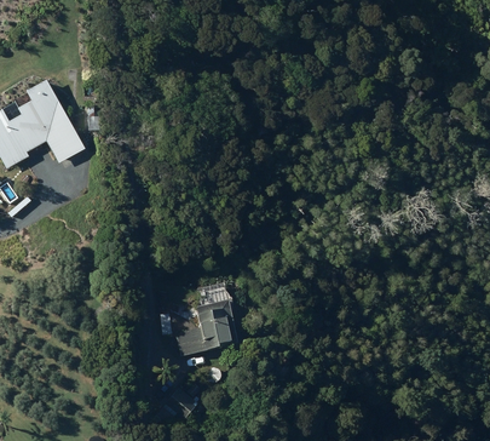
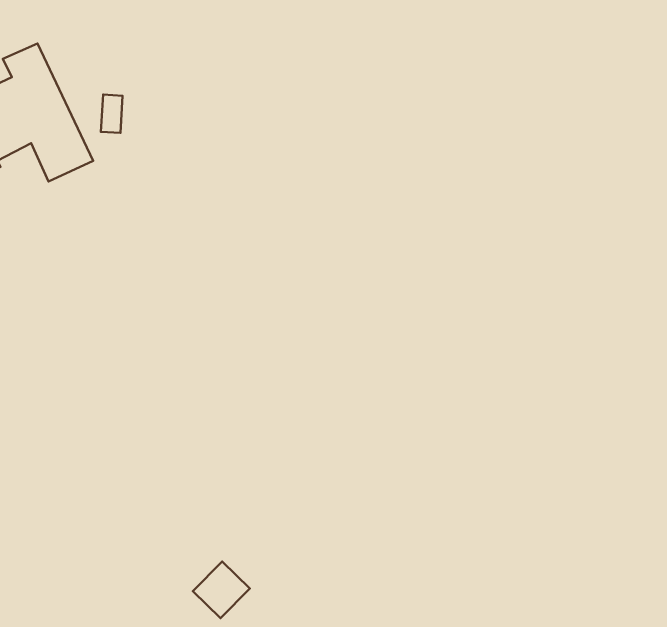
building: [177,303,237,357] -> none

